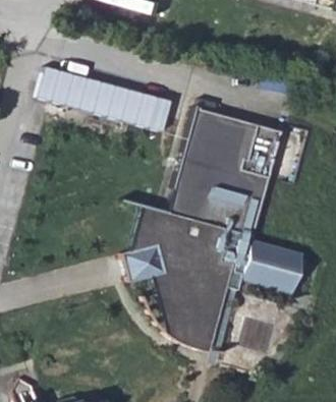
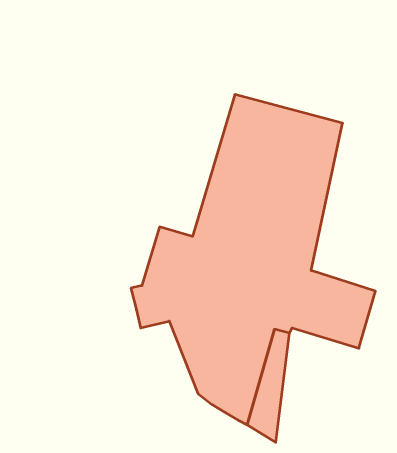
building: [35,63,170,131] -> none

